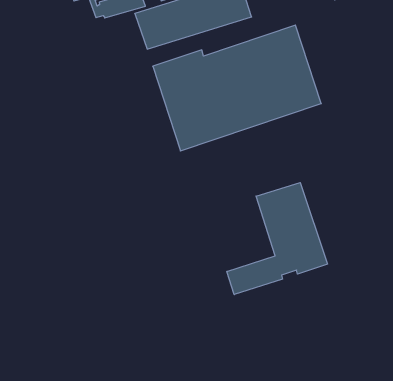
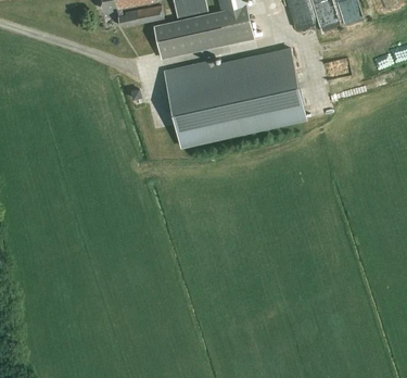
building: [227,183,328,295] -> none

